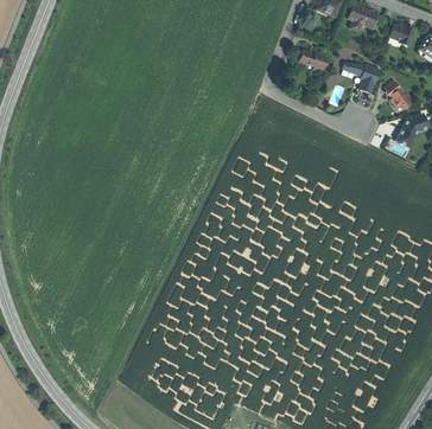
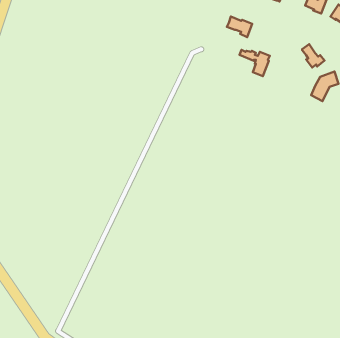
building: [342,62,377,92] -> [240,50,270,76]

